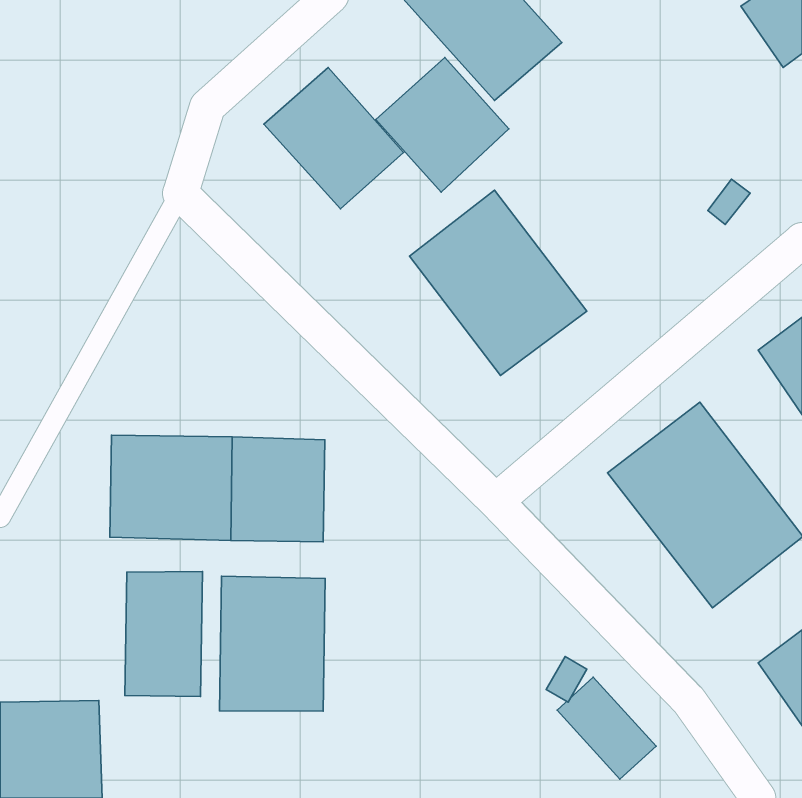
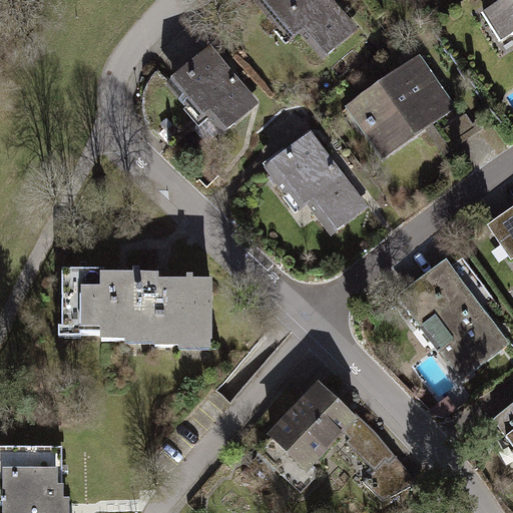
building: [376,58,509,192] -> none
building: none -> [347,49,462,158]
building: [125,571,202,697] -> none
building: [219,576,325,711] -> none
building: none -> [259,377,356,473]

